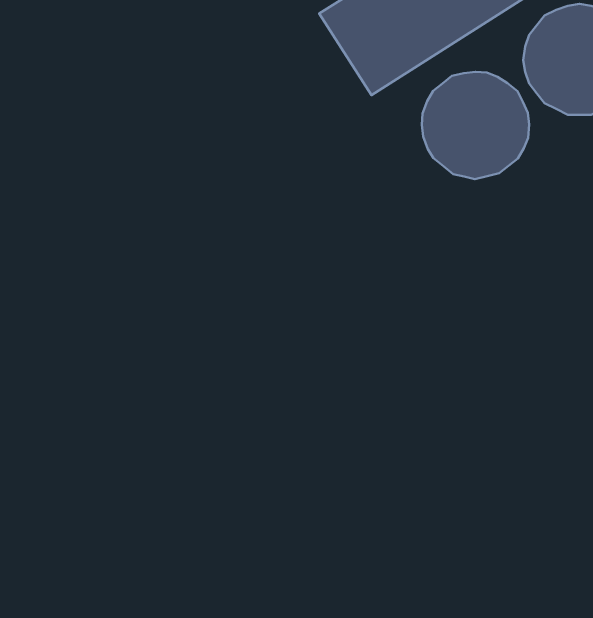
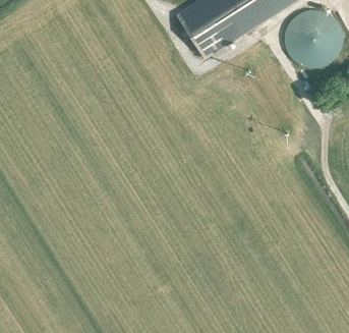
building: [422,72,529,179] -> none

